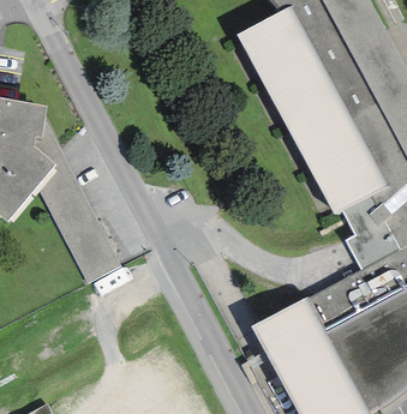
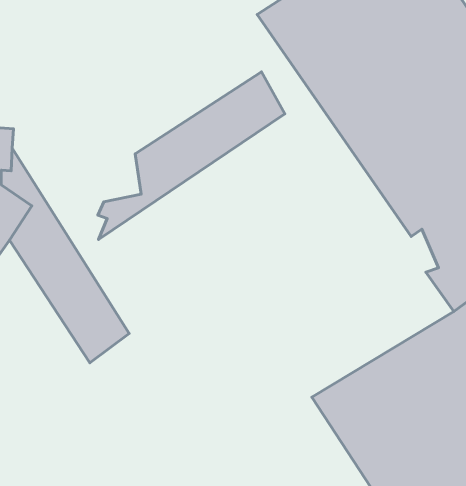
building: none -> [98,72,285,240]

